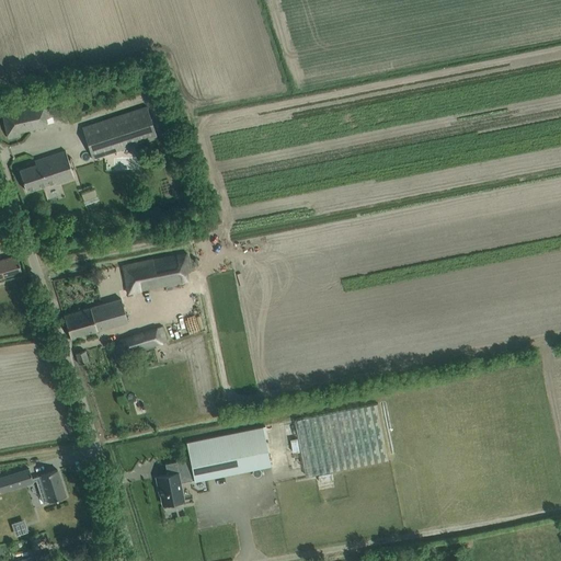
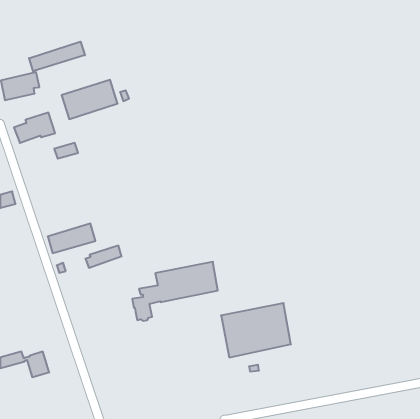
building: none -> [29,42,85,71]
building: [123,254,191,294] -> none
building: [156,428,270,507] -> [132,262,218,321]

